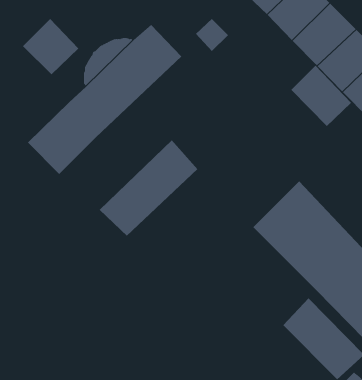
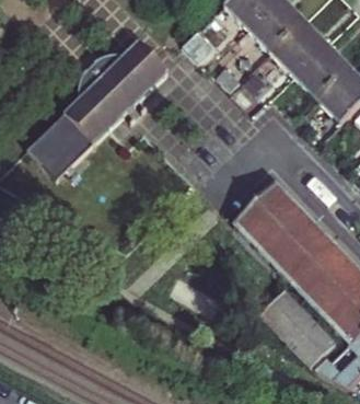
building: [22,18,79,75] -> none
building: [291,65,352,127] -> none
building: [99,139,198,237] -> none

